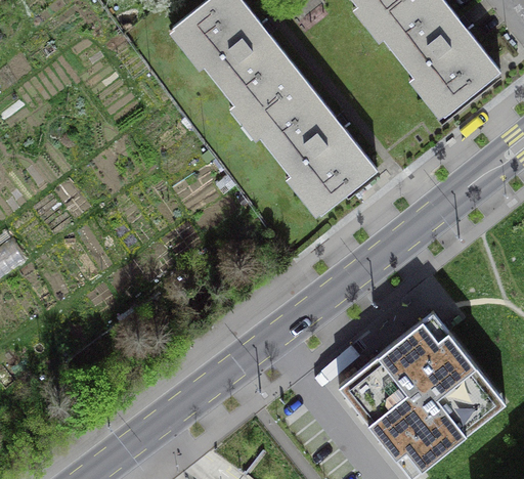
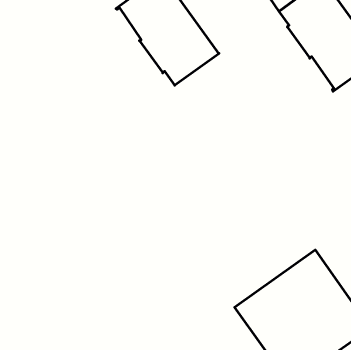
building: [251,78,377,215] -> none

